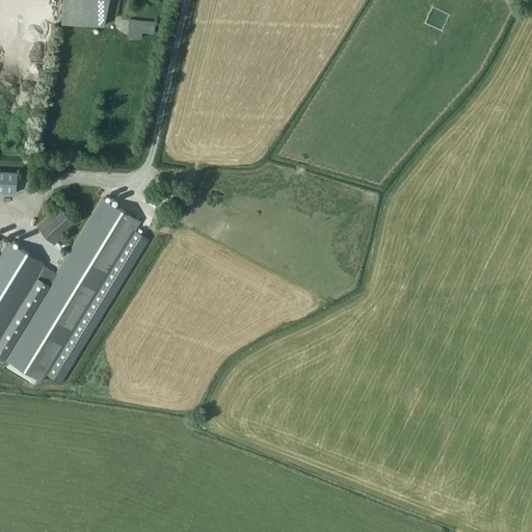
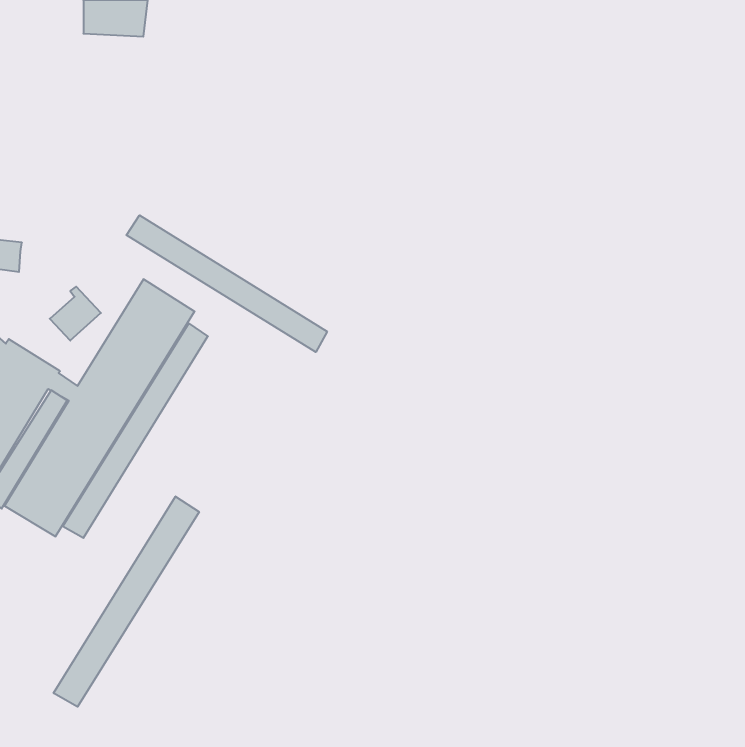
building: [125,19,154,38] -> none
building: none -> [126,215,327,352]
building: none -> [54,496,199,707]

